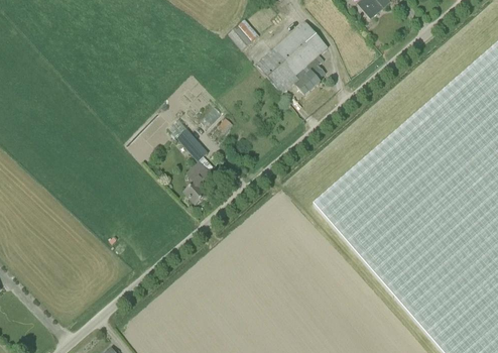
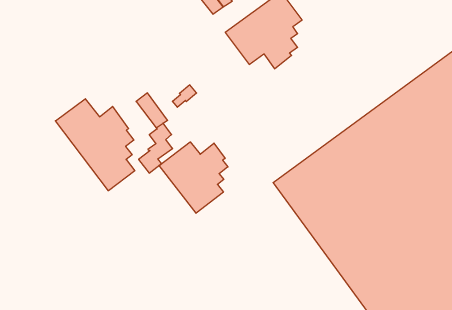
building: none -> [55,99,135,191]
building: none -> [159,142,228,213]

